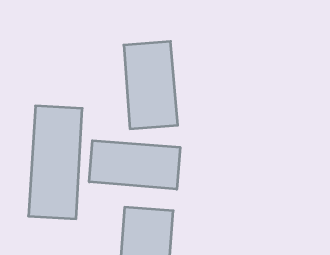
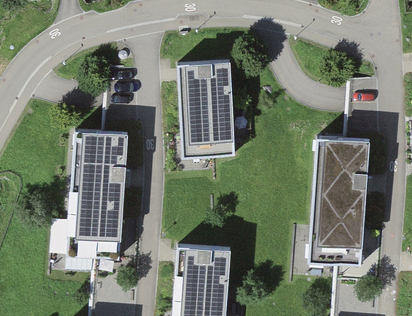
building: none -> [311,135,372,263]
building: [89,141,180,189] -> none

